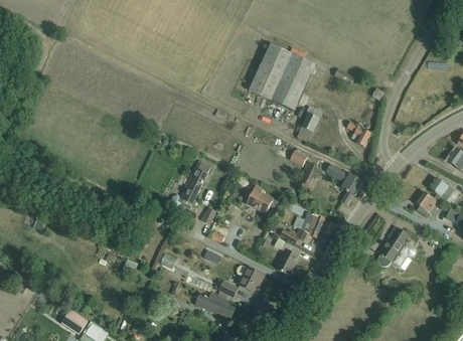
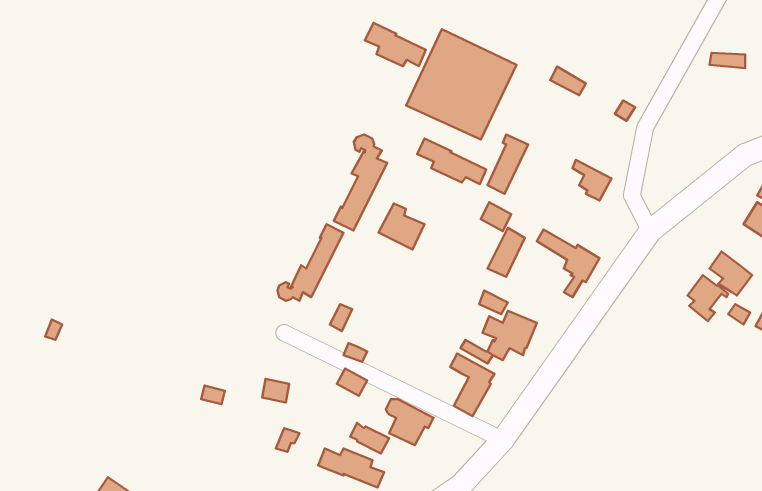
building: none -> [365,23,426,66]
building: none -> [334,134,387,231]
building: none -> [417,138,486,184]
building: [247,186,274,213] -> [379,204,424,249]
building: [378,225,418,267] -> none

